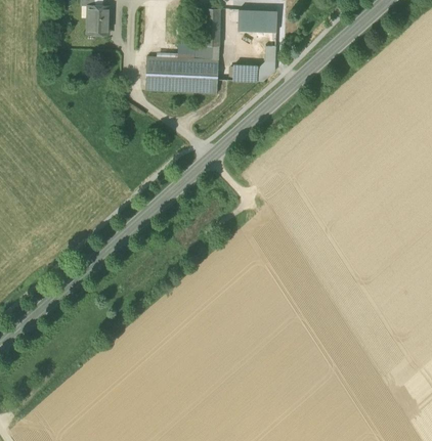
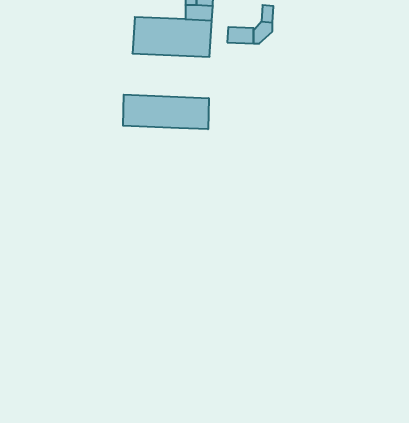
building: none -> [123,95,209,129]

